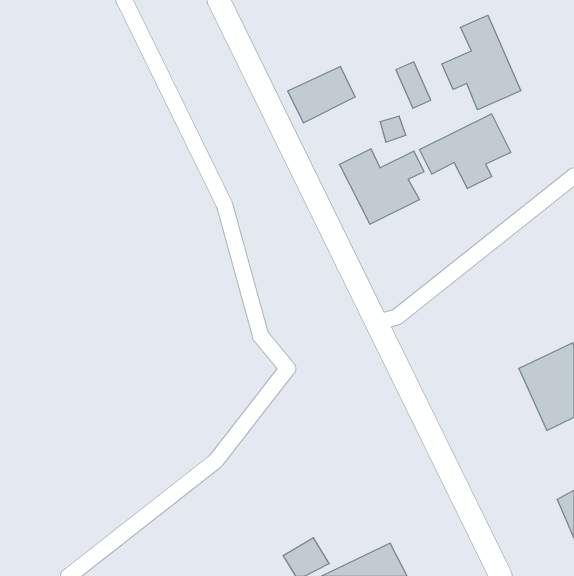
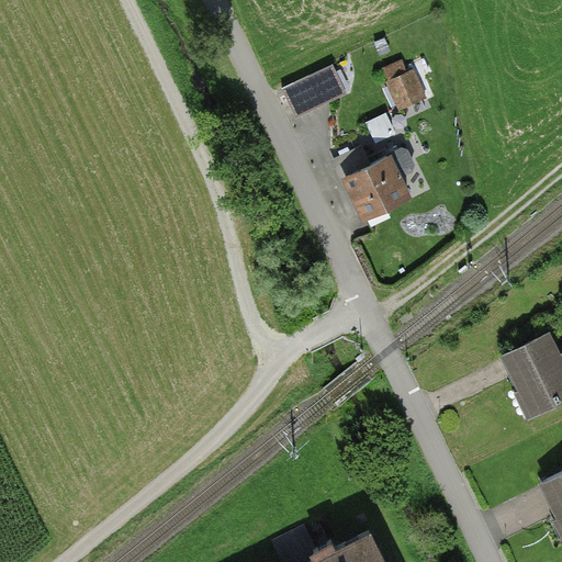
building: [442,15,521,110] -> none
building: [419,114,511,189] -> none

